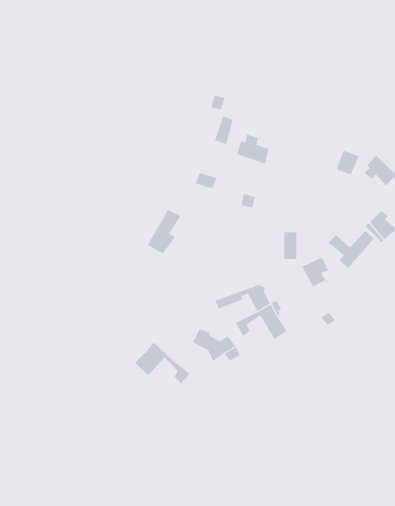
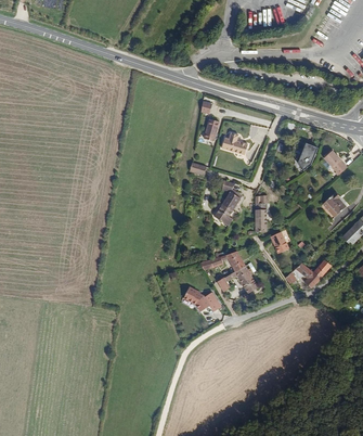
building: [147,209,181,255] -> [212,192,239,228]
building: [328,230,375,269] -> [297,258,334,288]
building: [134,342,190,384] -> none

